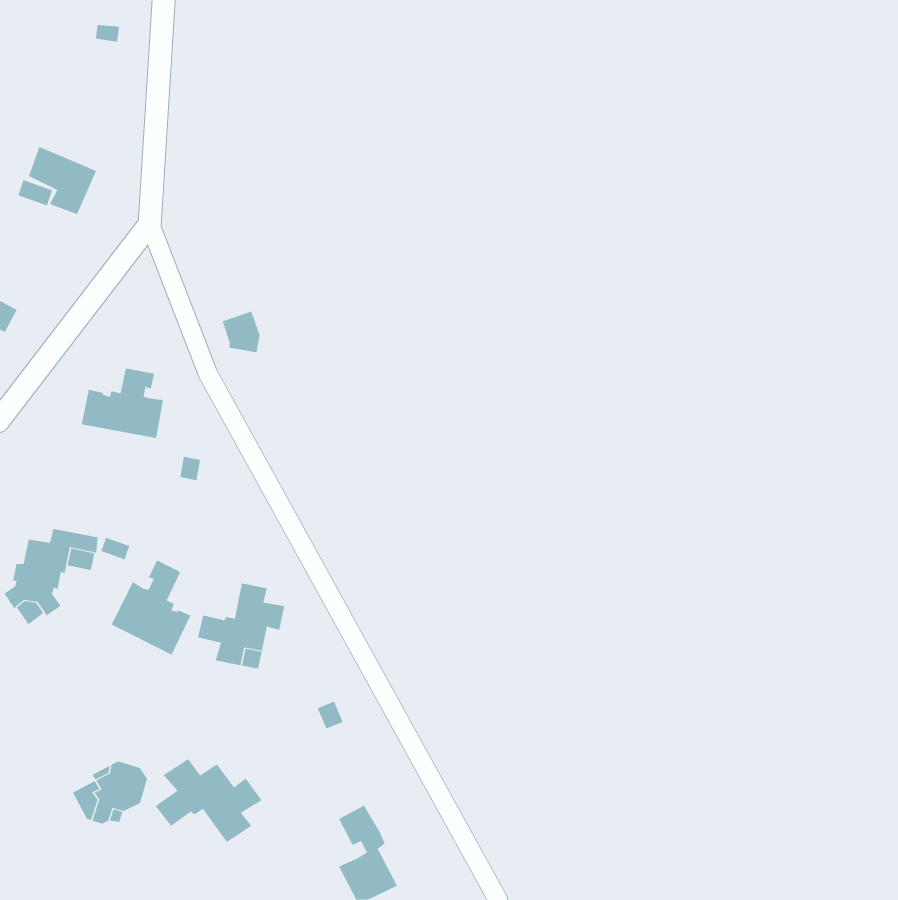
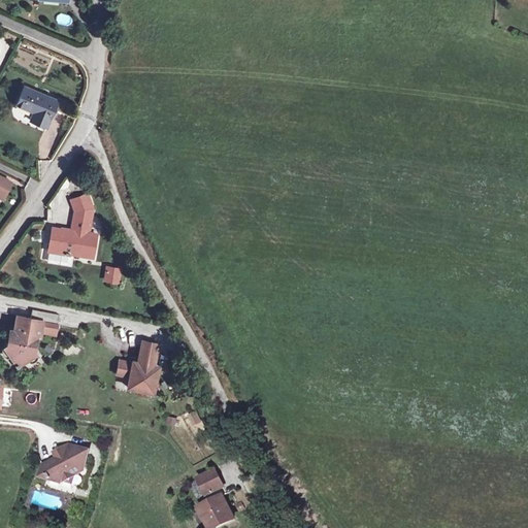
building: [222,311,261,353] -> [70,194,93,219]
building: [111,559,191,655] -> none
building: [155,758,263,843] -> none

